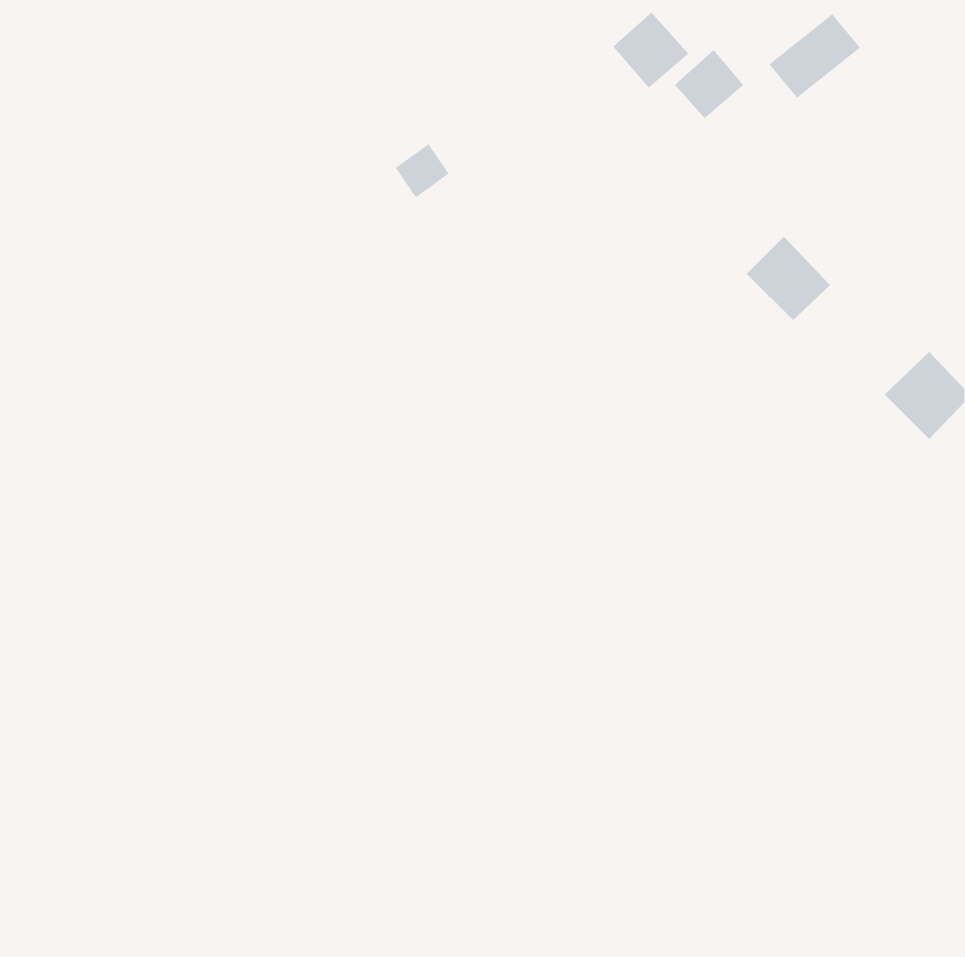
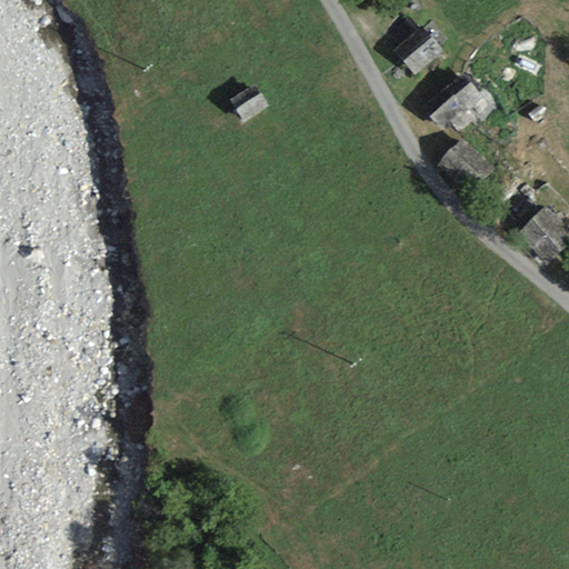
building: [613,12,689,89] -> none
building: [768,14,861,99] -> [425,76,479,126]

